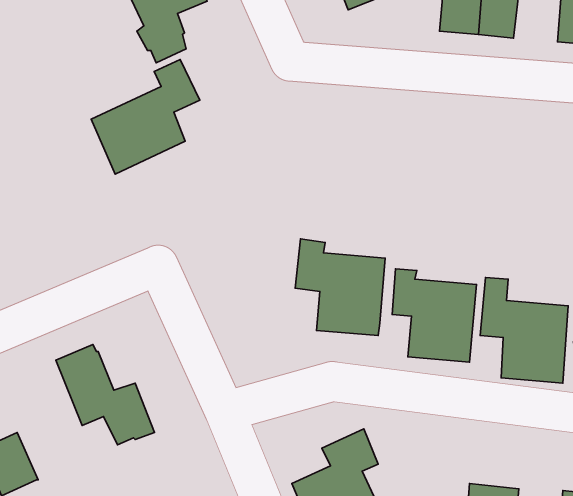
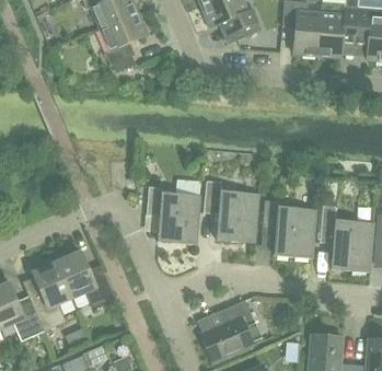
building: [91,60,200,174] -> none
building: none -> [148,186,200,244]
building: none -> [31,257,71,332]

